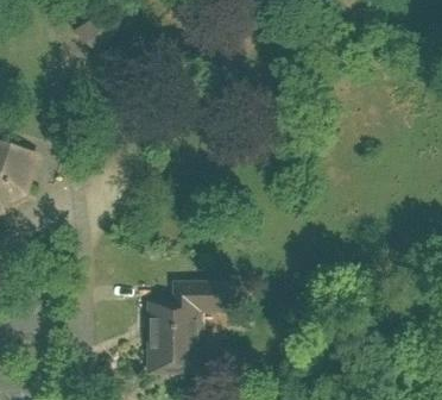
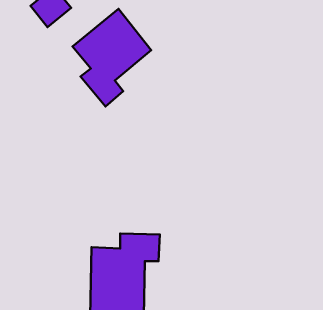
building: none -> [72,9,151,106]

